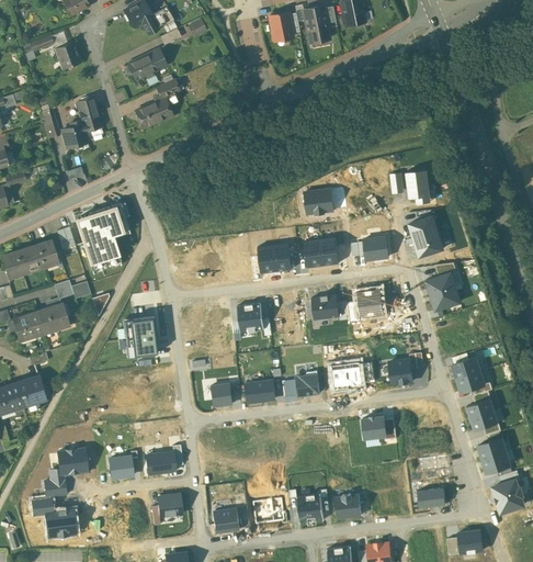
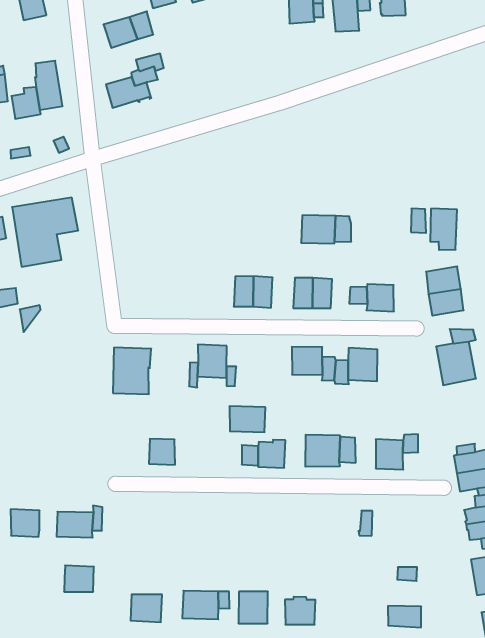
building: [124,317,157,357] -> [113,348,151,394]
building: [245,380,275,403] -> [229,406,265,432]
building: [362,415,386,438] -> none

